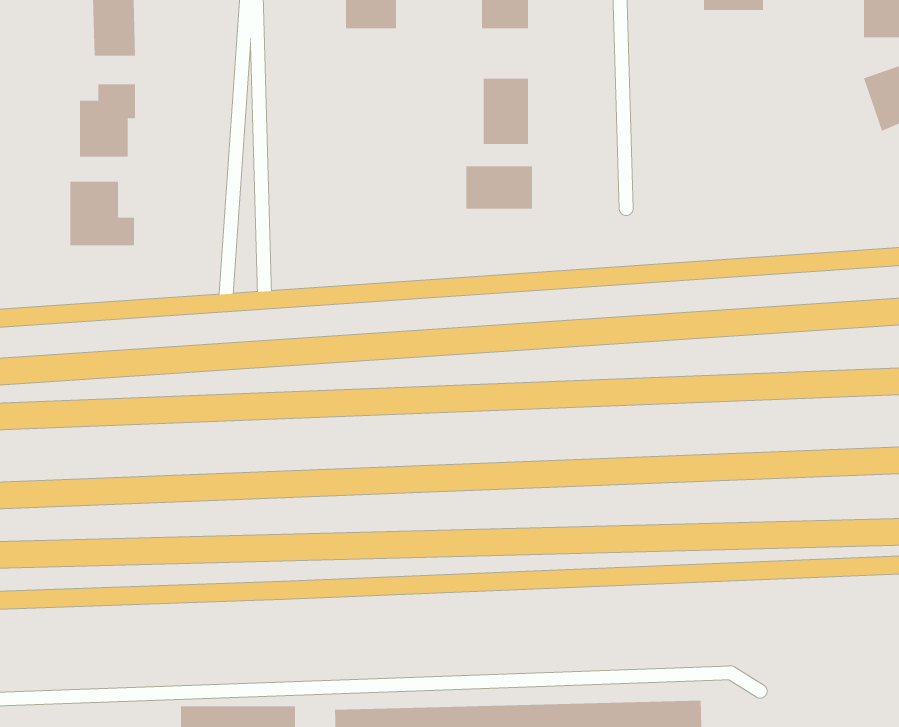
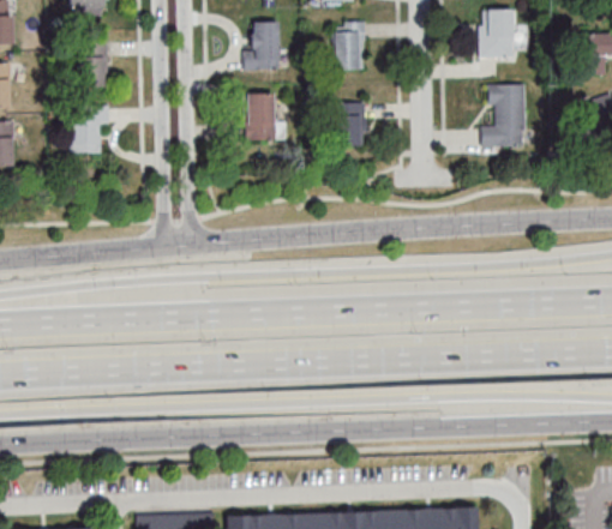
building: none -> [480,84,524,146]
building: none -> [245,92,274,140]
building: [466,166,532,209] -> none
building: [70,181,135,246] -> none

